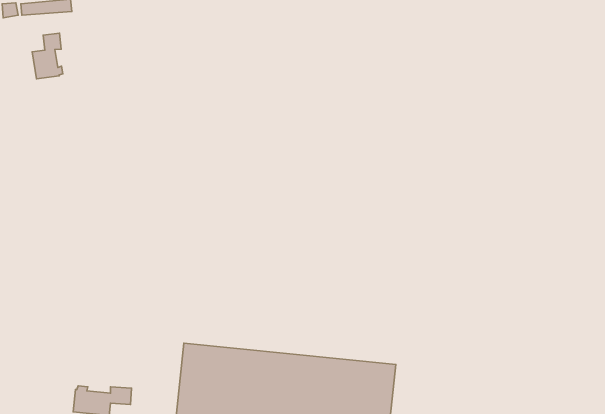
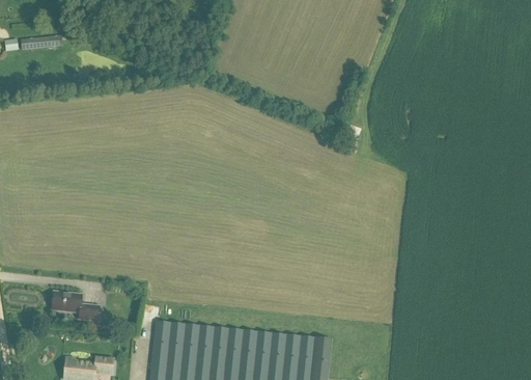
building: [32,33,63,79] -> none
building: none -> [51,291,100,320]

